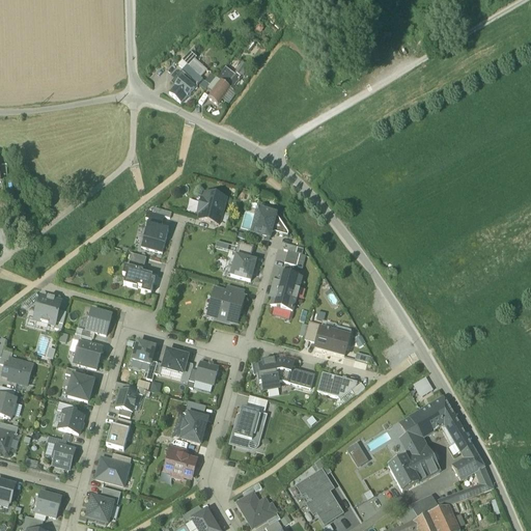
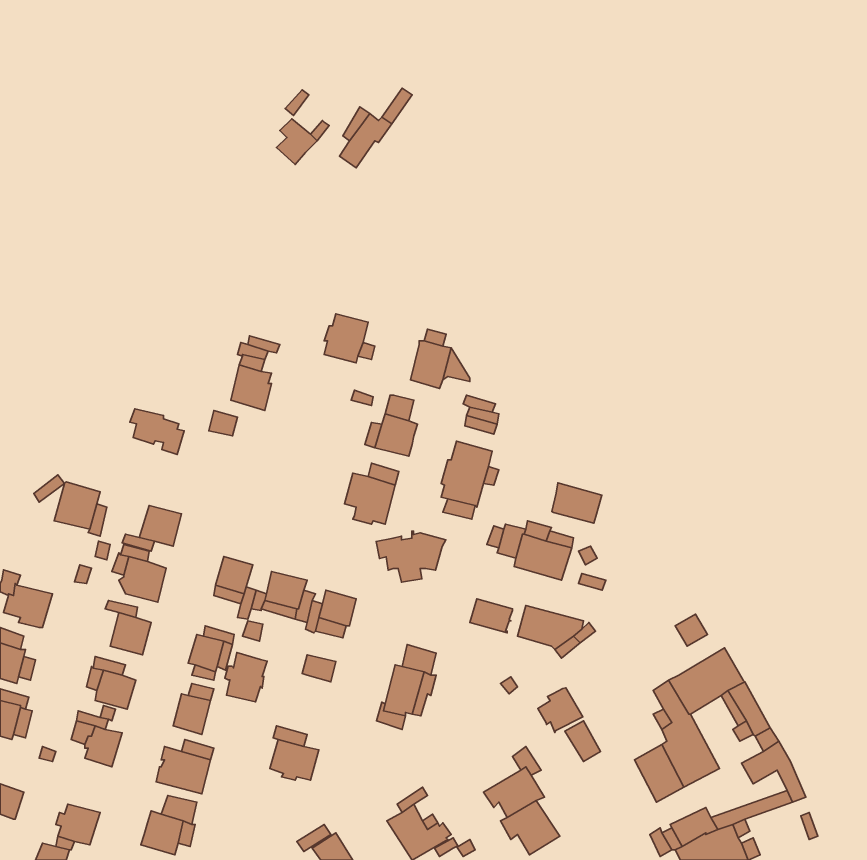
building: [121,264,155,292] -> [130,409,184,454]
building: none -> [552,483,602,523]
building: [251,357,294,388] -> [376,531,446,582]
building: [180,413,206,443] -> [225,653,267,702]
building: none -> [538,688,583,732]

